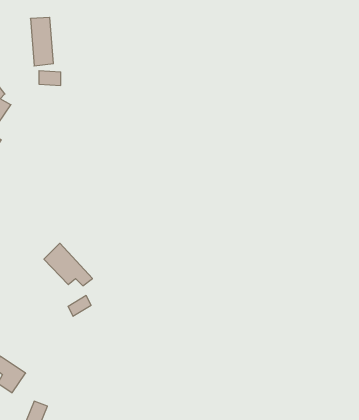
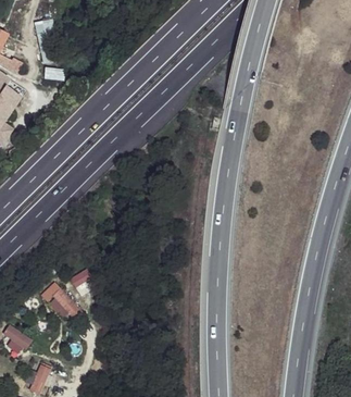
building: [44,243,92,286] -> [40,280,84,318]

